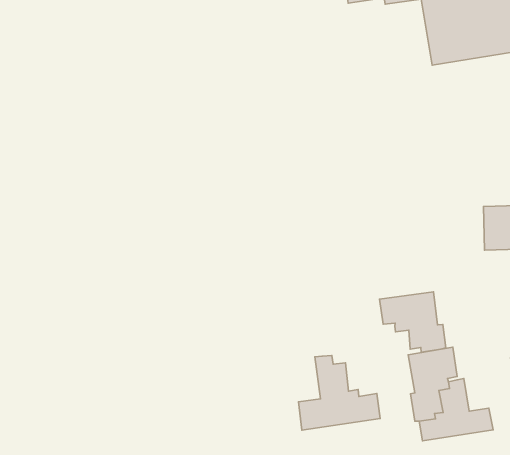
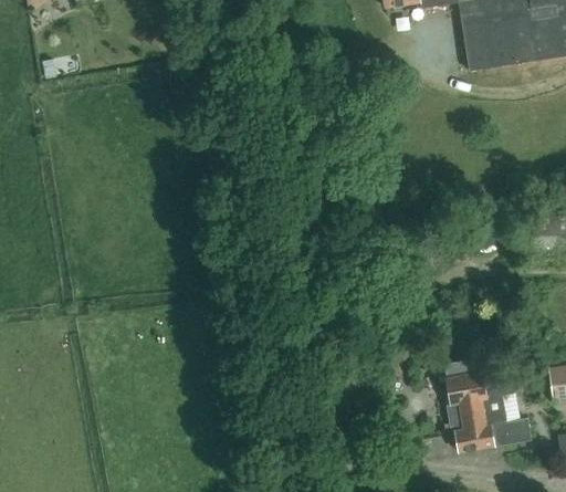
building: [379,292,446,352] -> none
building: [299,356,380,430] -> none

